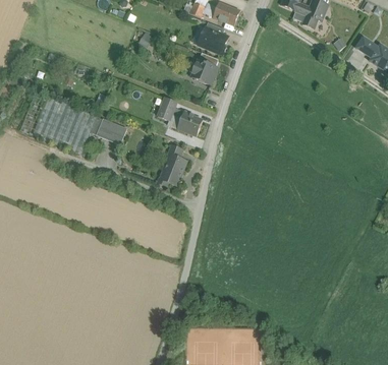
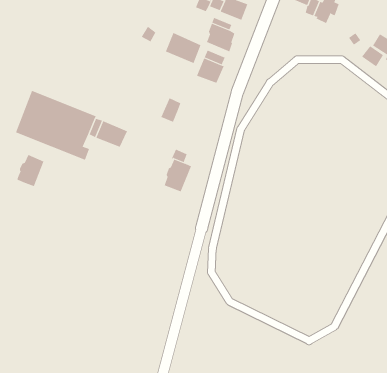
building: none -> [165,32,201,64]
building: [167,108,202,134] -> none
building: none -> [16,154,44,187]

